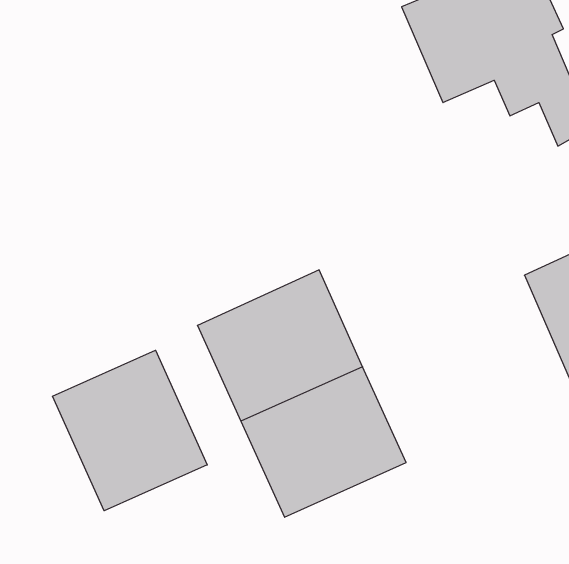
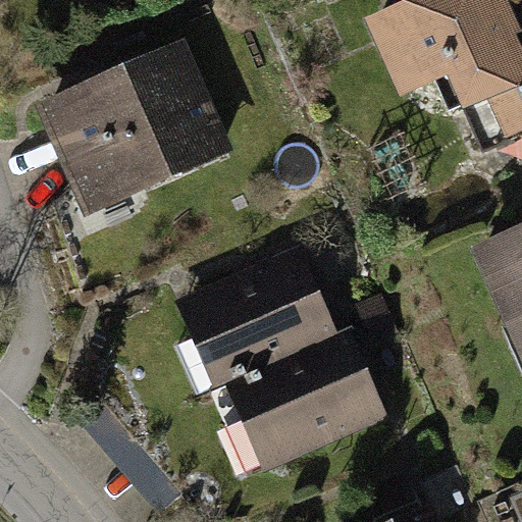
building: none -> [44,50,224,211]
building: [52,350,207,511] -> none

